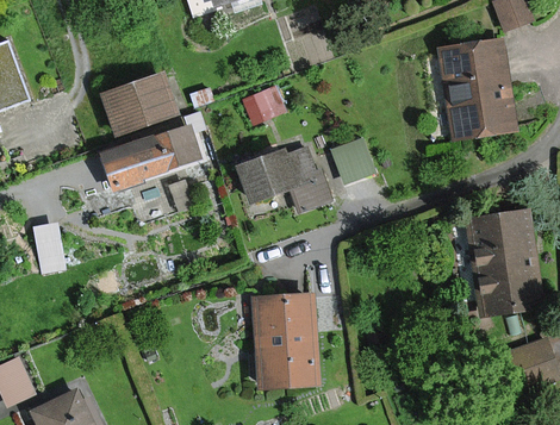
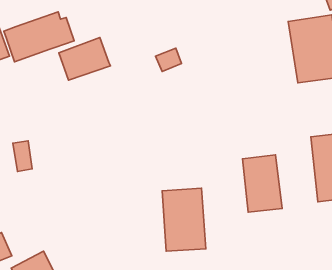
building: [98,115,201,189] -> [4,12,74,62]
building: [330,140,372,185] -> none
building: [239,149,329,212] -> none
building: none -> [243,155,282,212]

